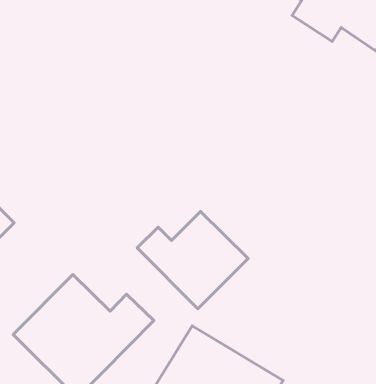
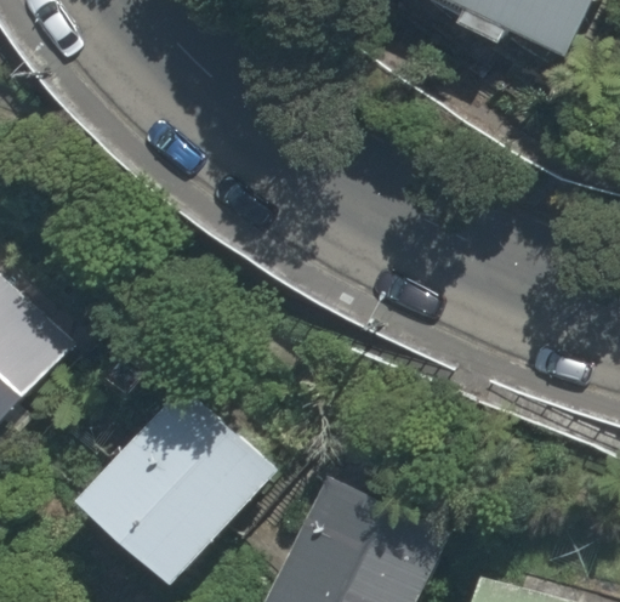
building: [137,211,248,309] -> none

